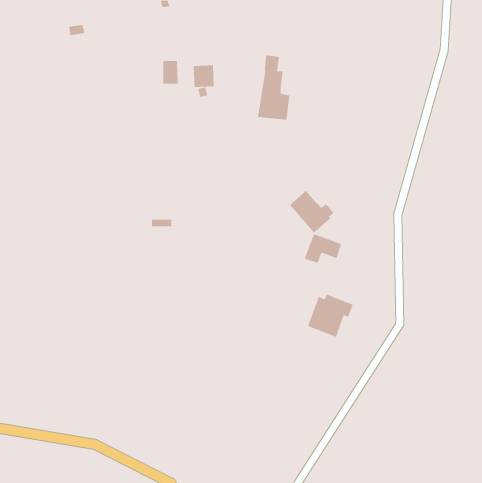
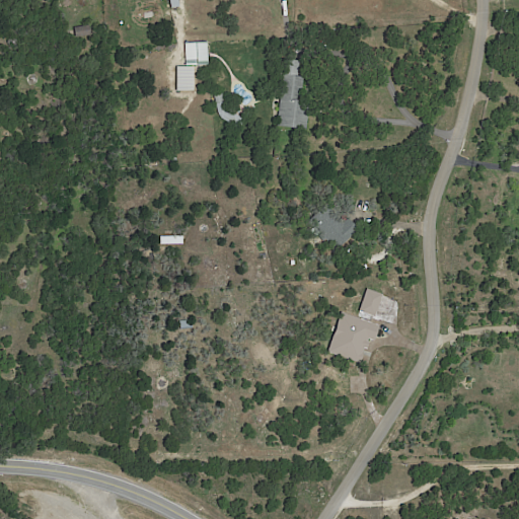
building: [193,65,215,88] -> [183,41,207,65]
building: [304,233,342,264] -> [357,288,397,320]

